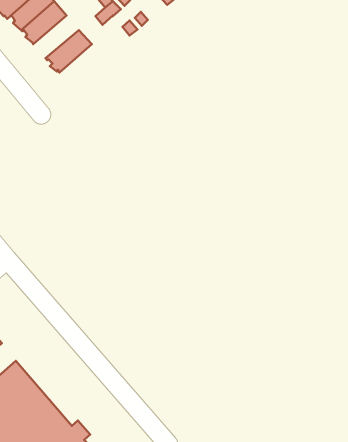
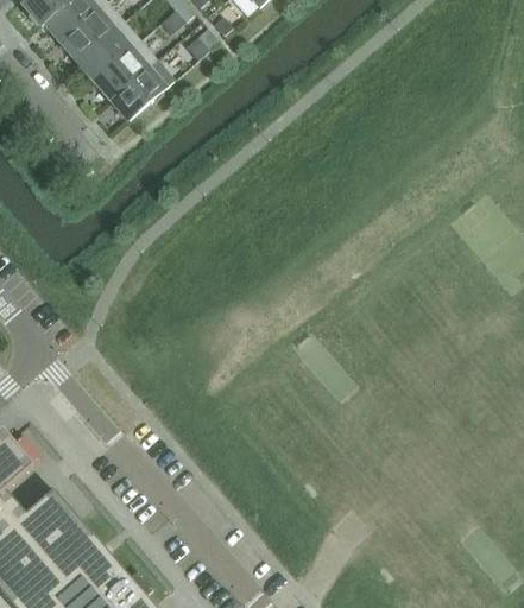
building: none -> [75,21,137,80]
building: none -> [111,61,172,120]

